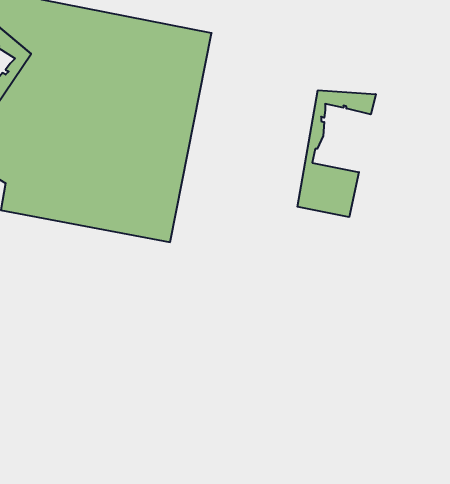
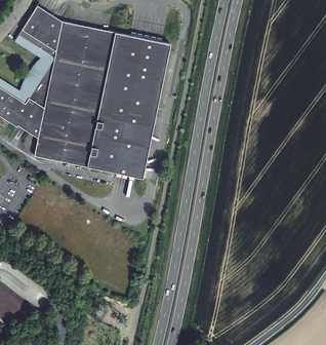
building: [297,90,376,217] -> none

